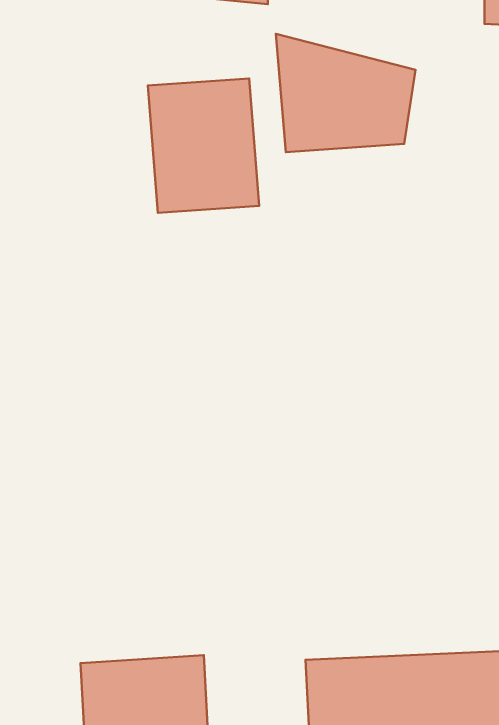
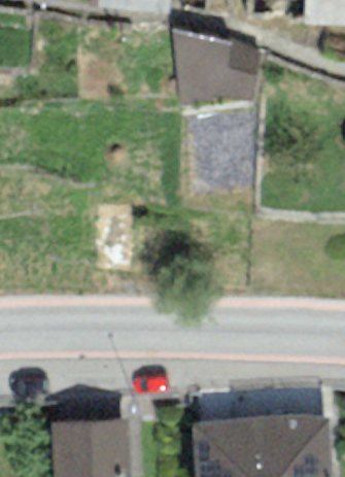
building: [148,79,259,213] -> none

